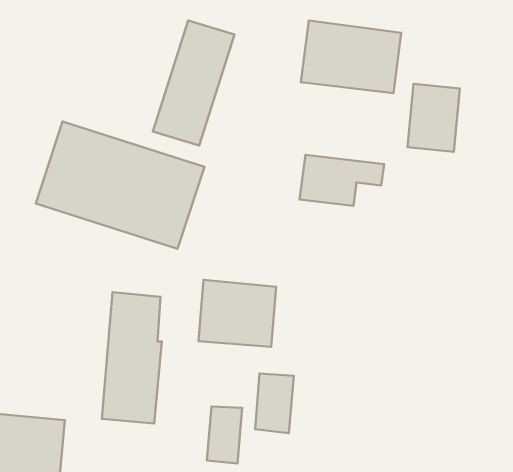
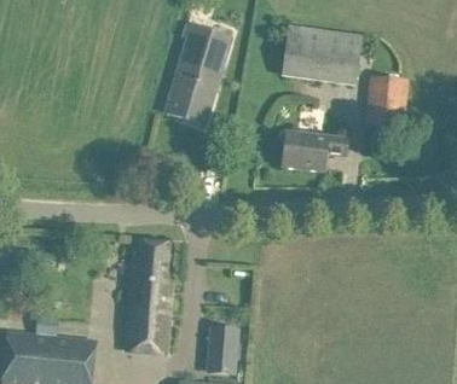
building: [36,121,204,249] -> none
building: [198,280,276,347] -> none
building: [255,373,294,433] -> none

